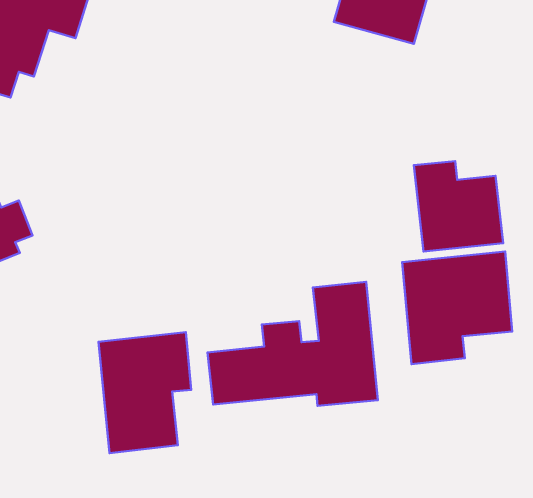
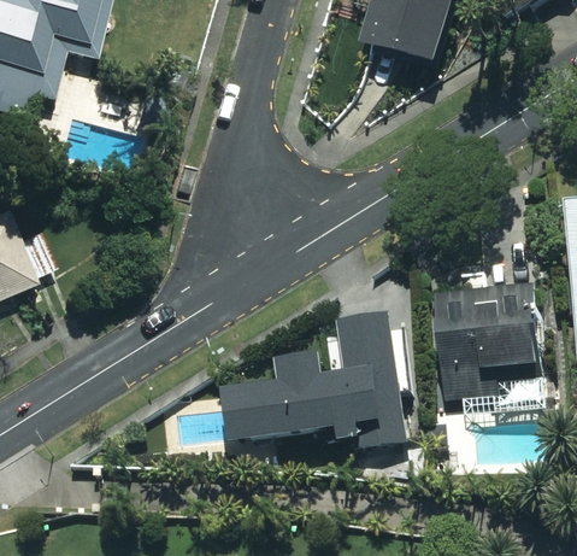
building: [414,161,503,251] -> none
building: [99,332,191,453] -> none

